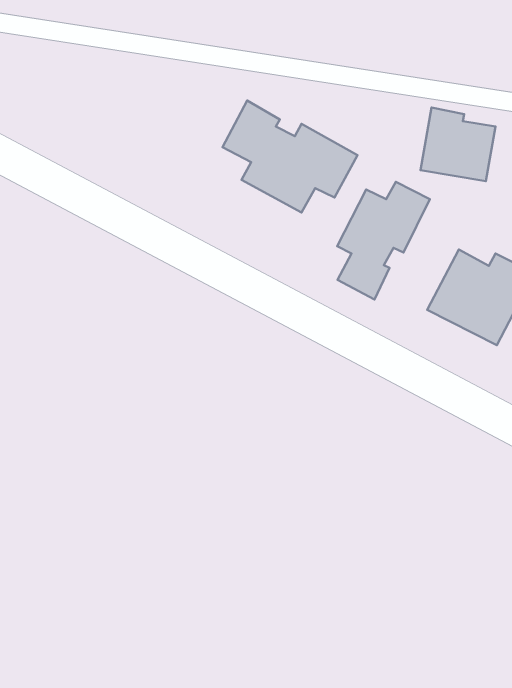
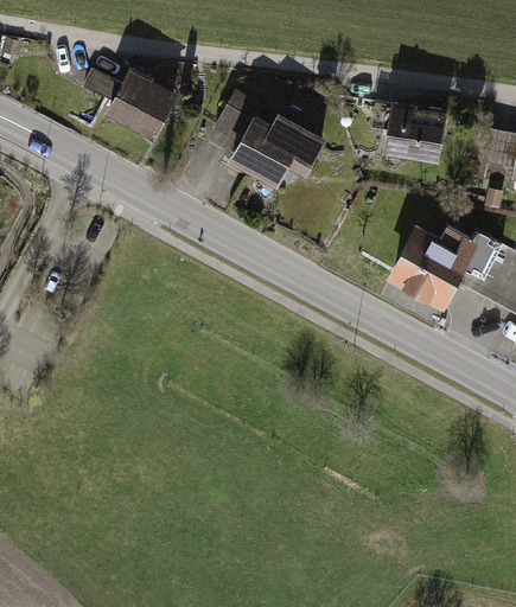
building: none -> [78,66,179,143]
building: [337,182,430,299] -> none

